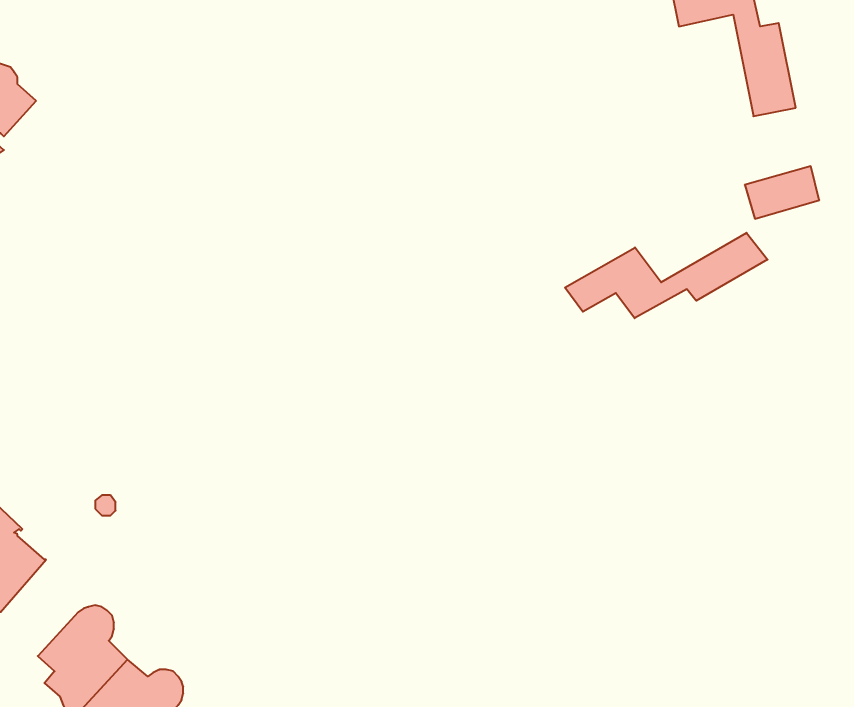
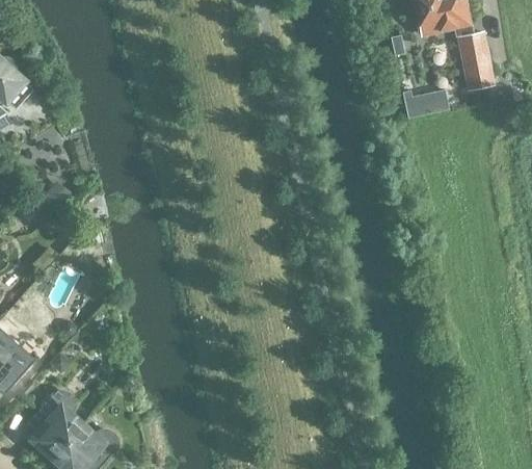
building: [745,166,819,219] -> [403,84,449,116]
building: [565,233,768,318] -> none

